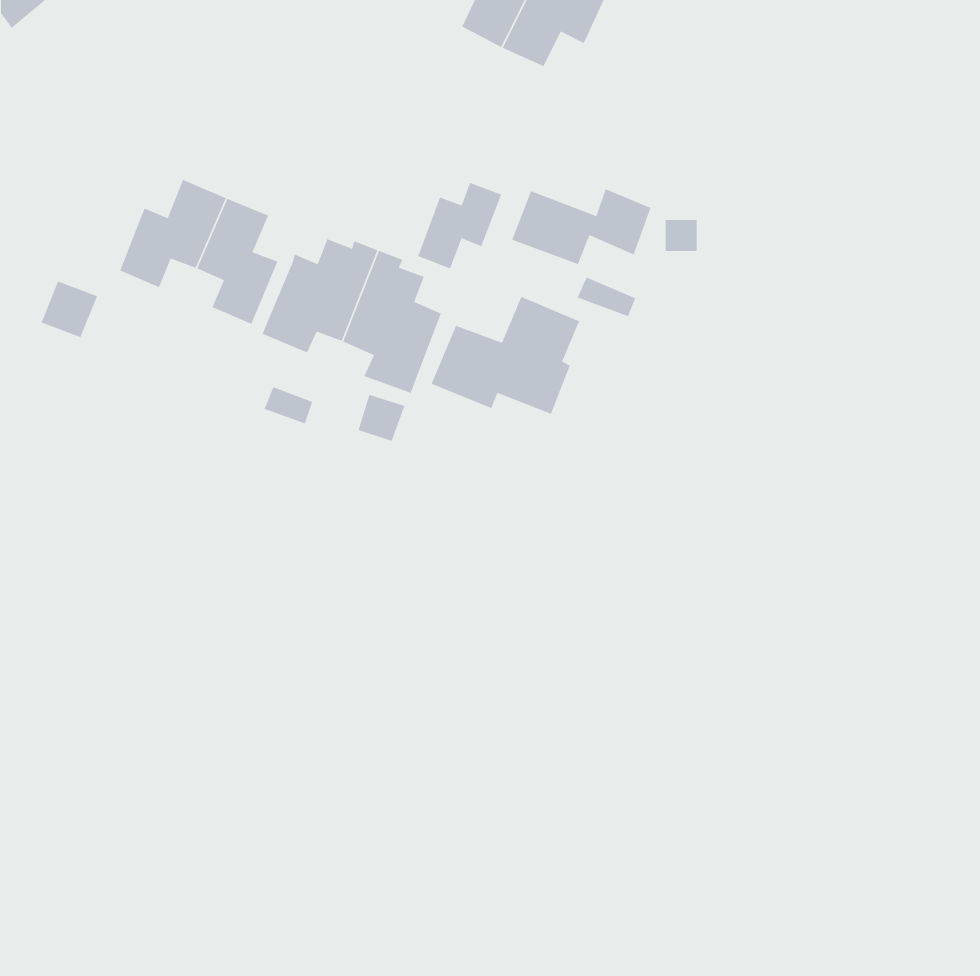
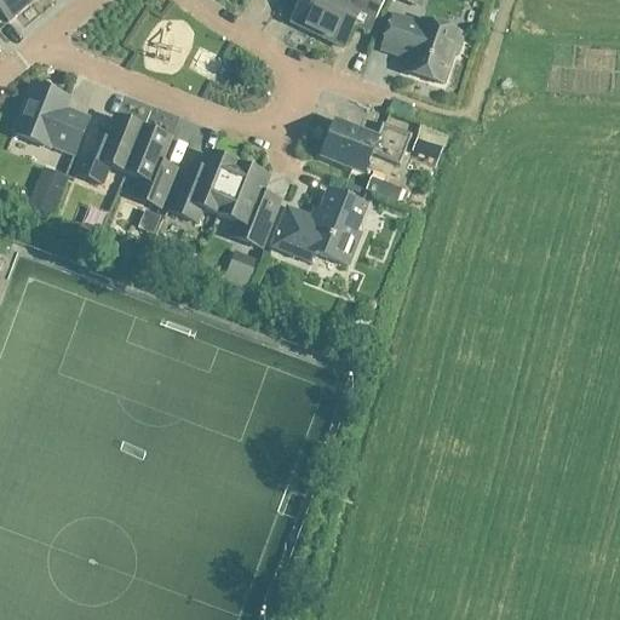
building: none -> [383,11,464,80]
building: none -> [12,81,90,151]
building: [417,182,502,270] -> none

